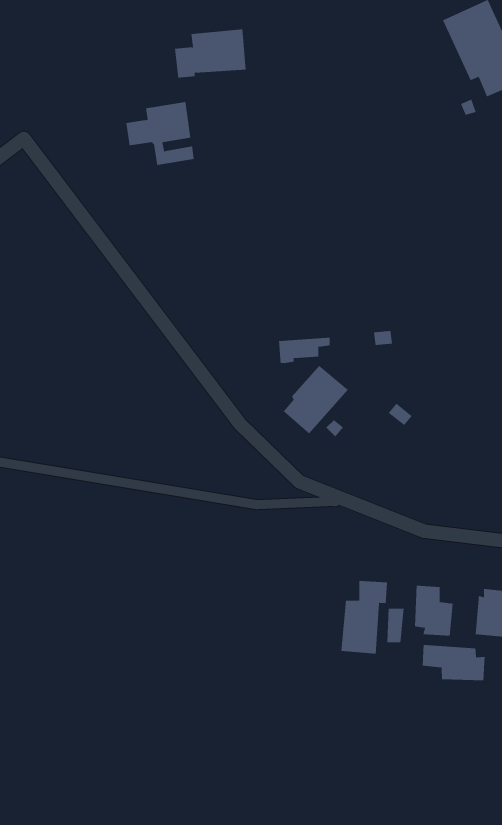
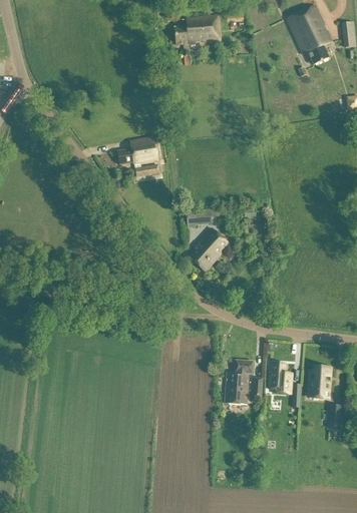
building: [174,29,246,78] -> [176,15,221,45]
building: [125,102,194,166] -> [118,137,160,176]
building: [422,644,485,681] -> none

